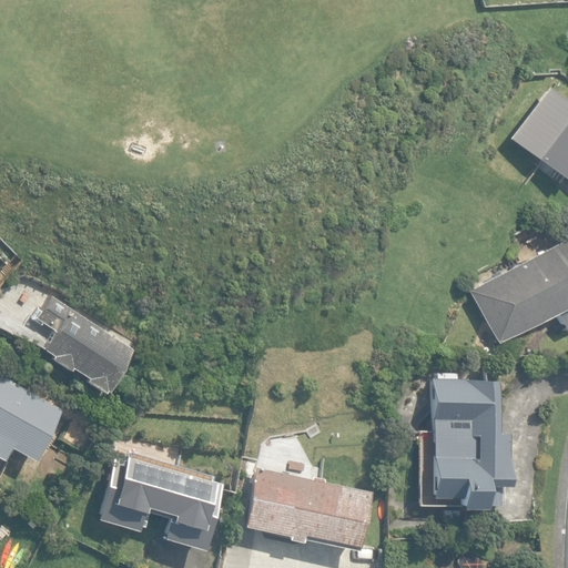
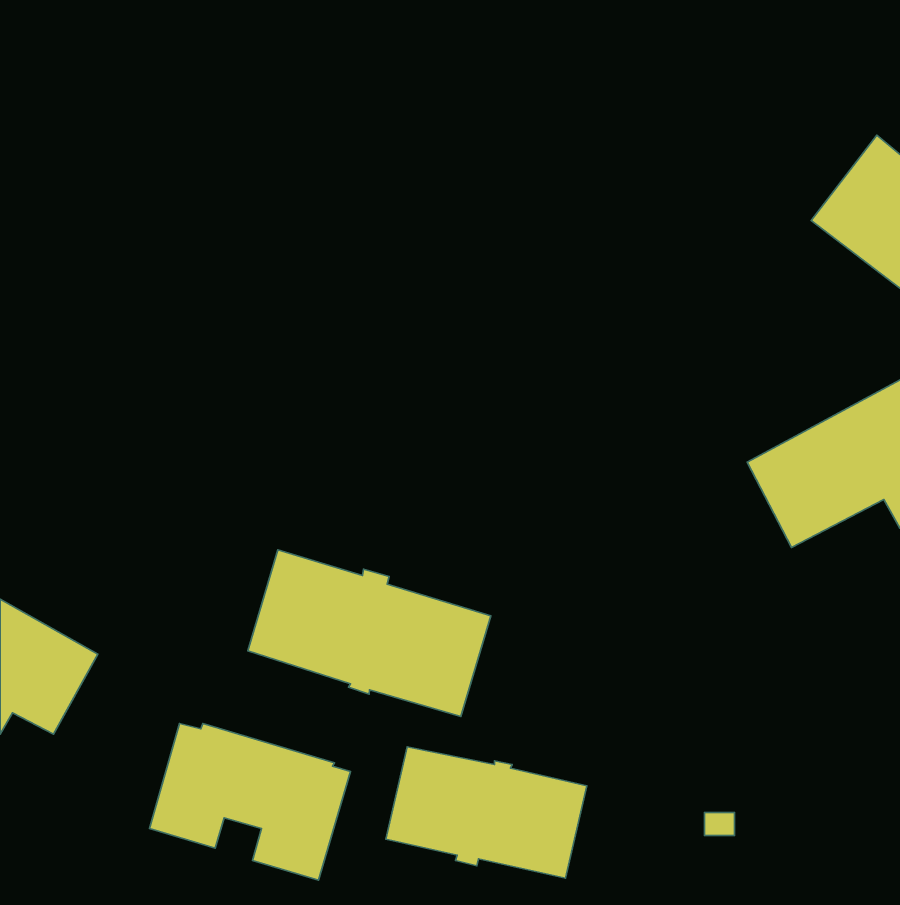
building: [37,298,135,393] -> none
building: none -> [248,550,491,717]
building: [420,379,508,507] -> none

